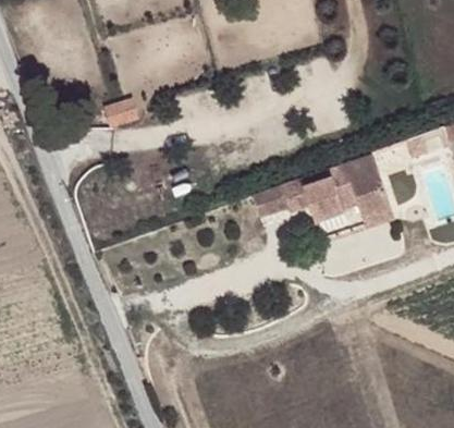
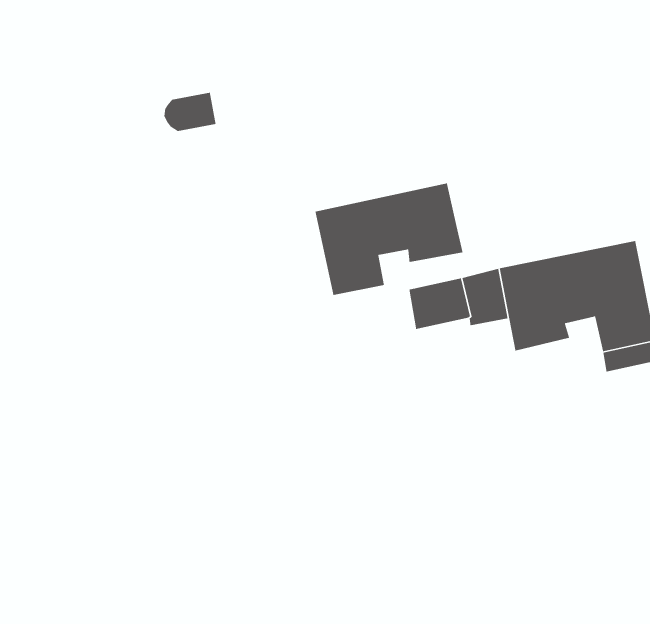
building: none -> [314,182,464,296]

